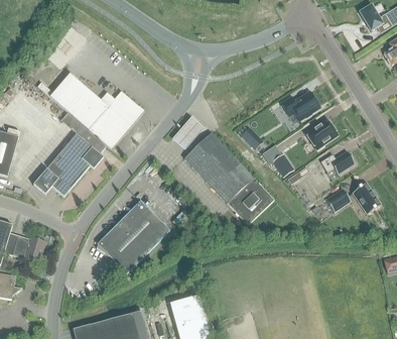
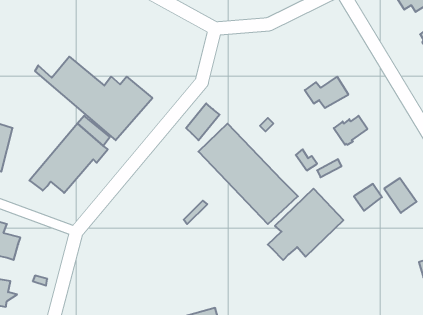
building: [319,150,354,174] -> none
building: none -> [268,189,343,260]
building: [97,200,169,272] -> none
building: [18,237,45,261] -> none

